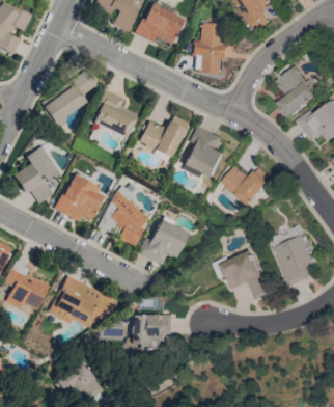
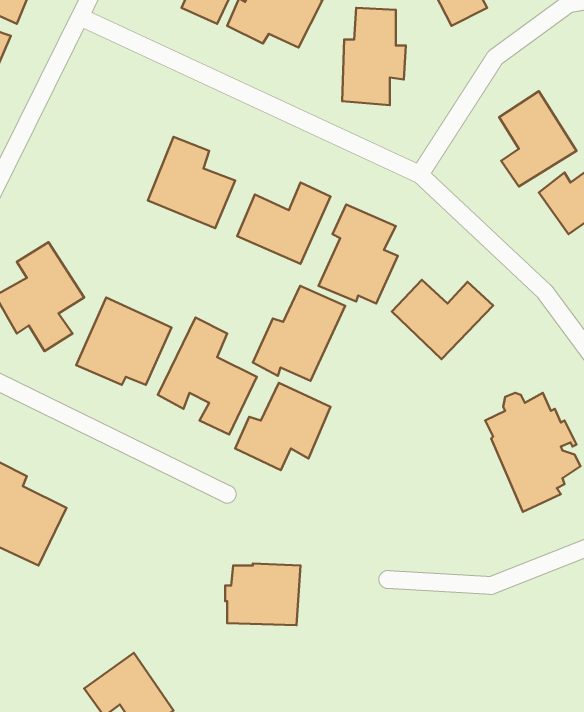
building: [41,71,96,123] -> none
building: none -> [253,286,345,381]
building: [212,250,271,299] -> none
building: [50,275,116,328] -> none

